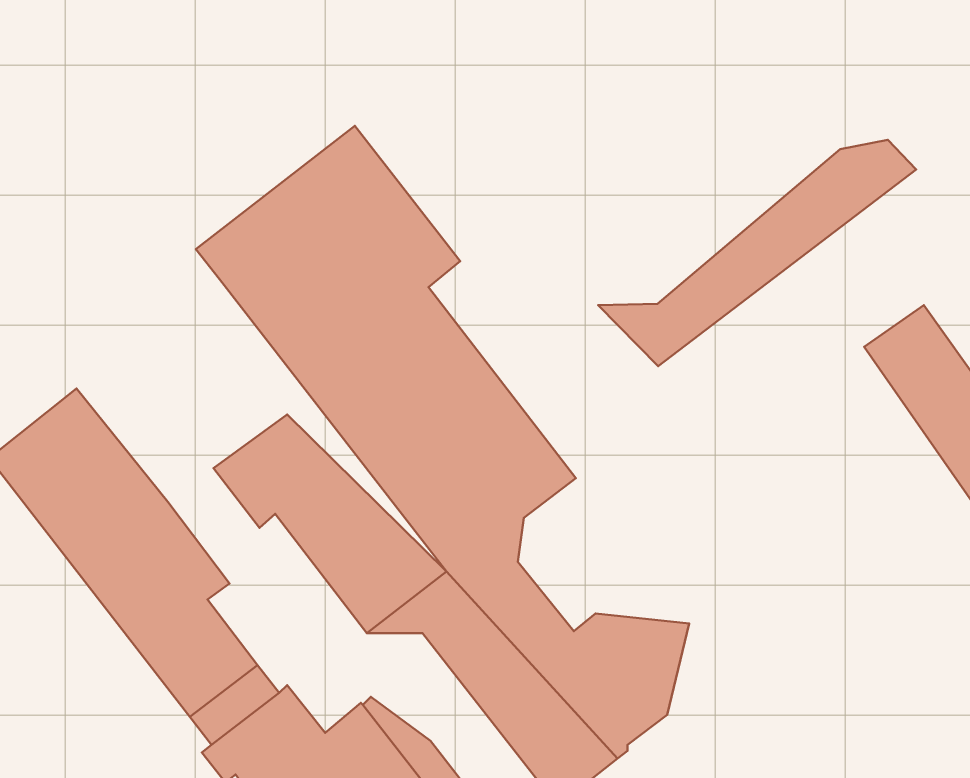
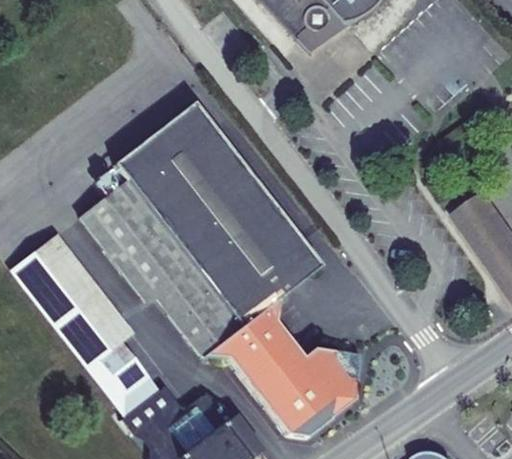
building: [598,140,916,366] -> none
building: none -> [232,170,322,279]
building: none -> [78,179,241,326]

